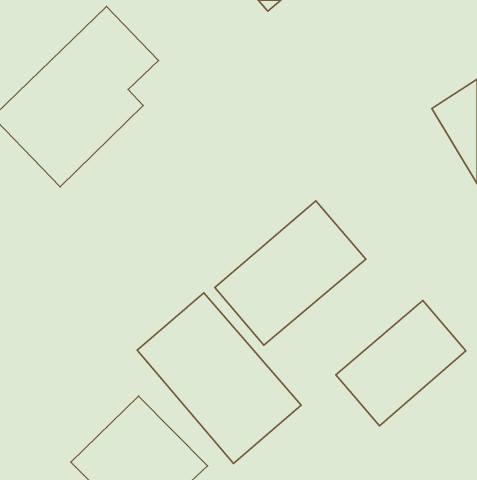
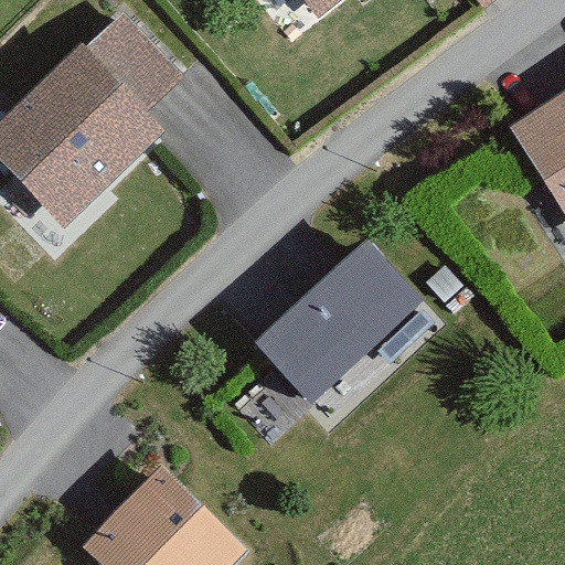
building: [137,293,301,463] -> none
building: [336,301,466,426] -> none

